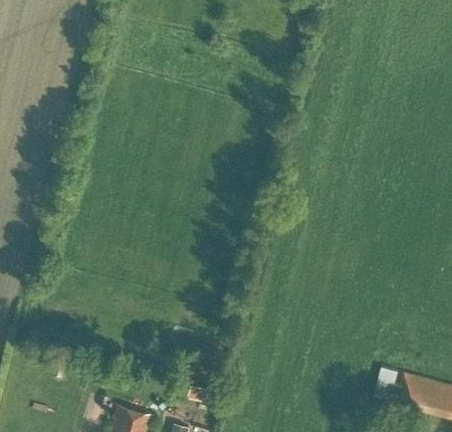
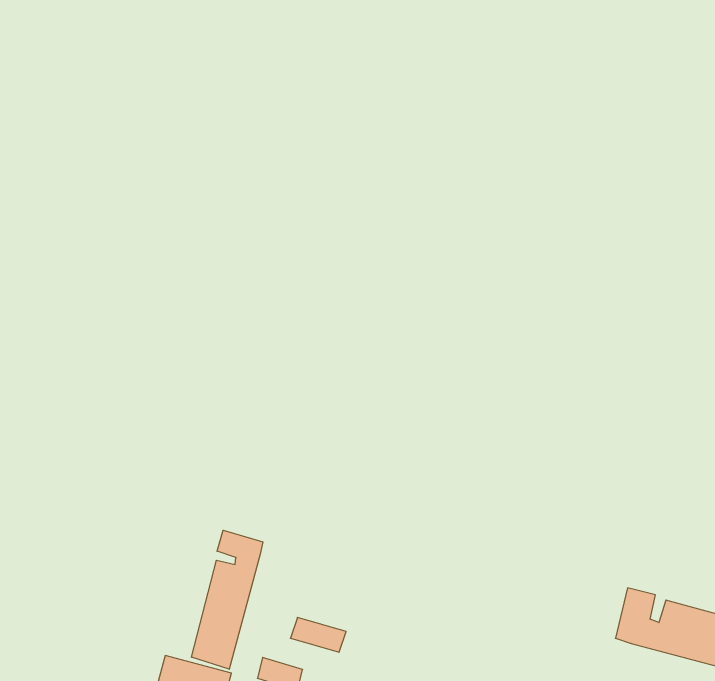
building: none -> [191,530,263,669]

